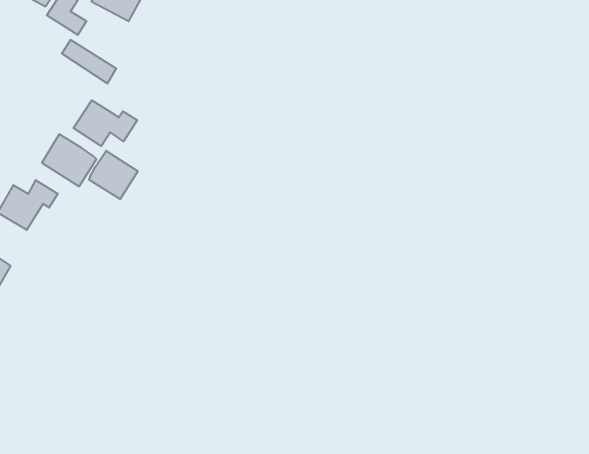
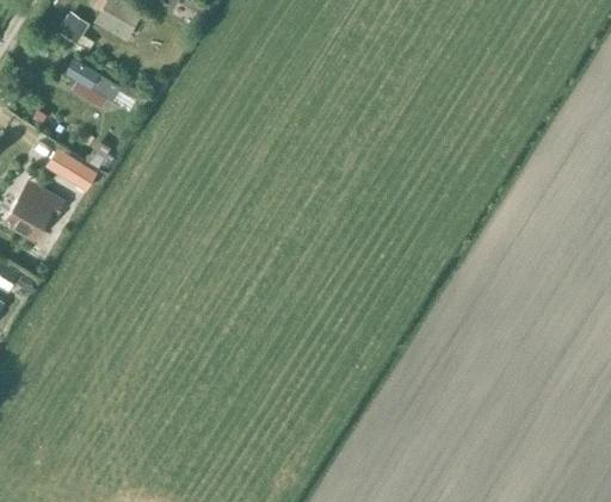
building: [73,100,137,146] -> none
building: [89,151,138,199] -> none

